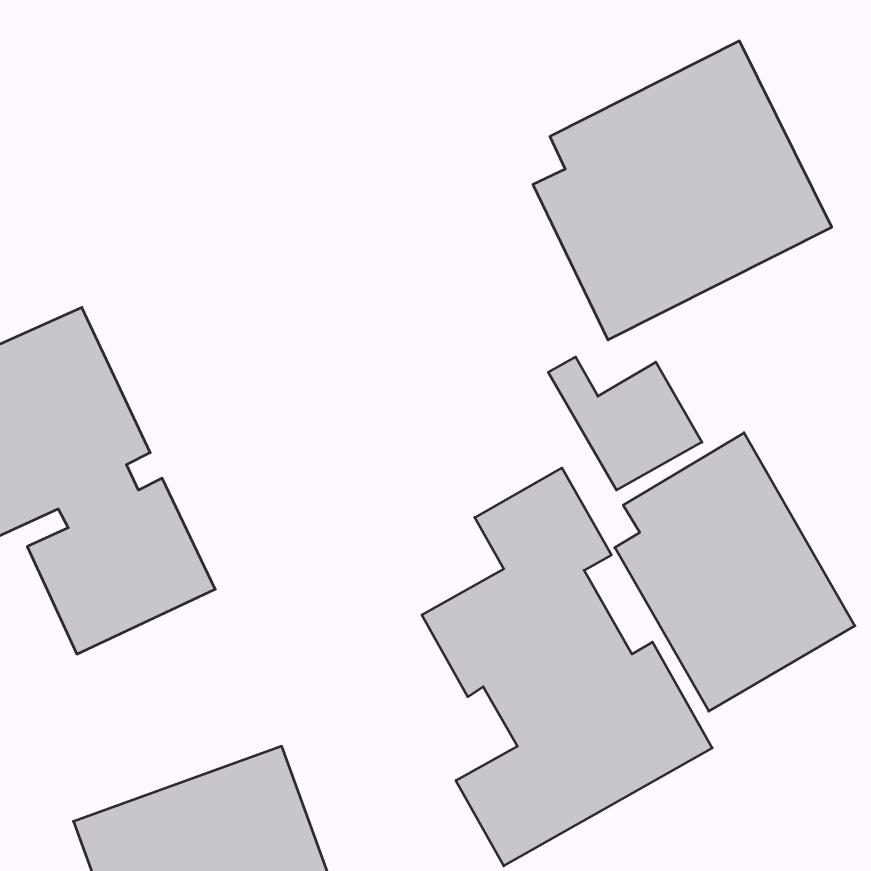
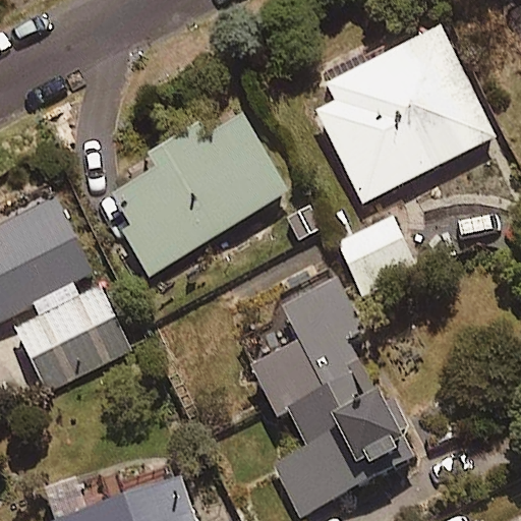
building: none -> [102,105,286,278]
building: [615,433,855,711] -> none

